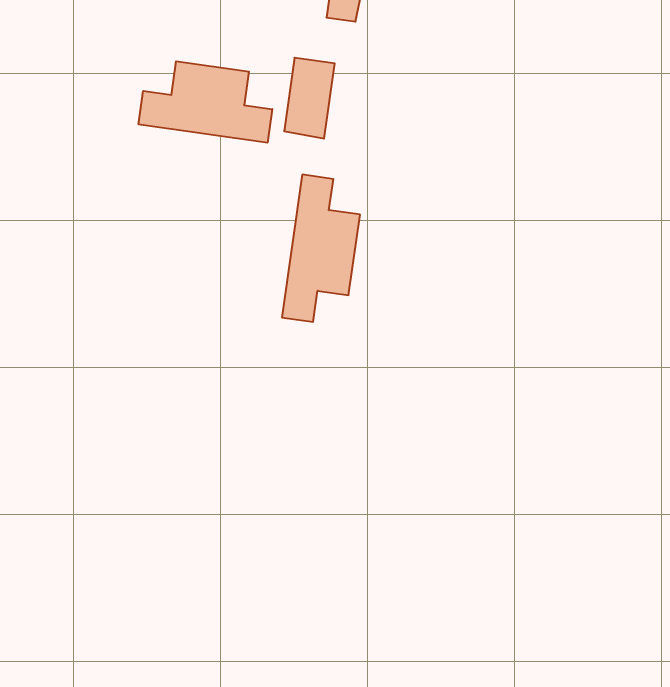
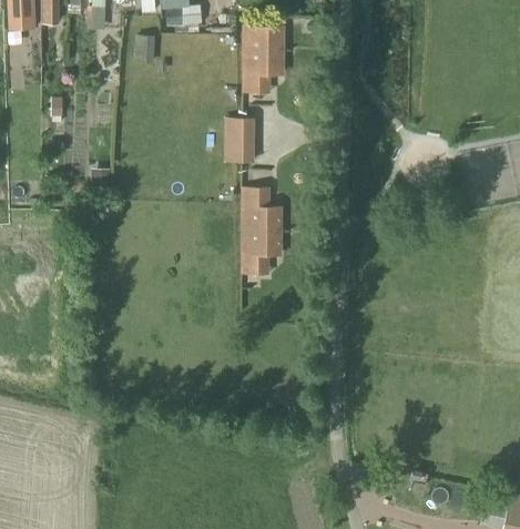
building: [139,61,272,143] -> none

